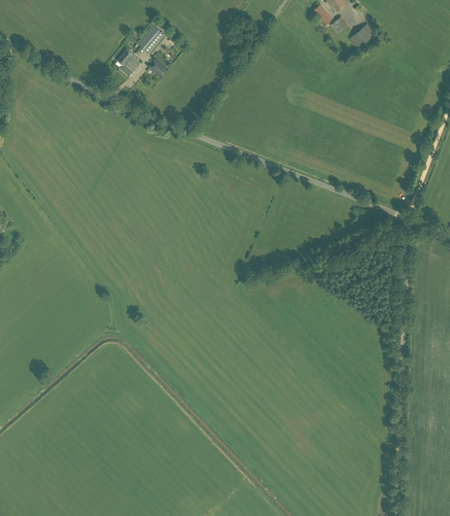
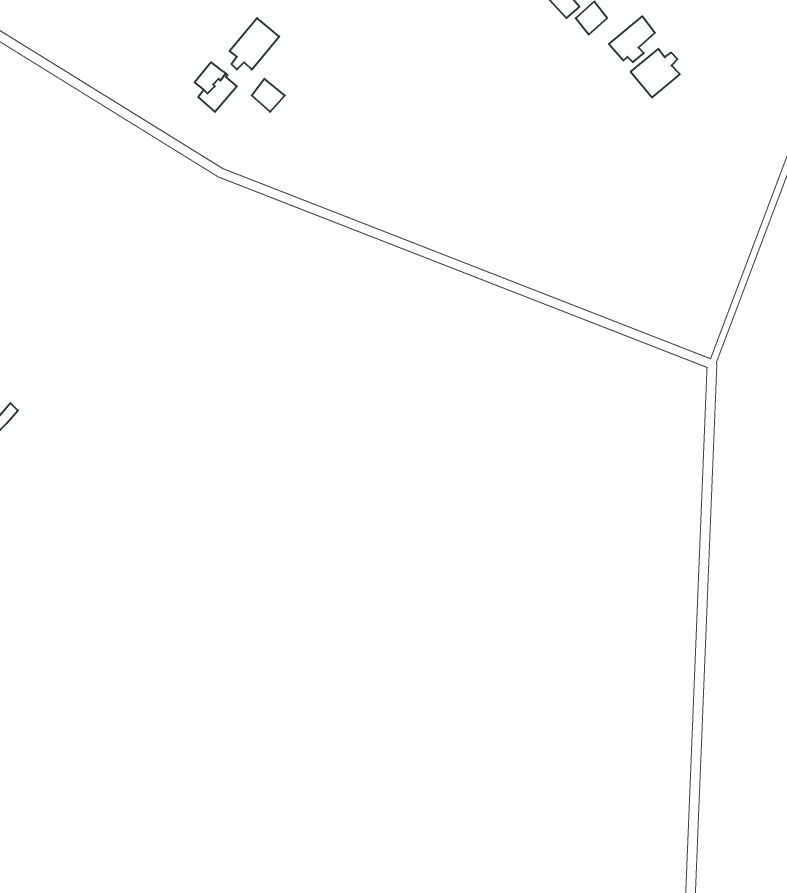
building: none -> [631,49,680,97]

